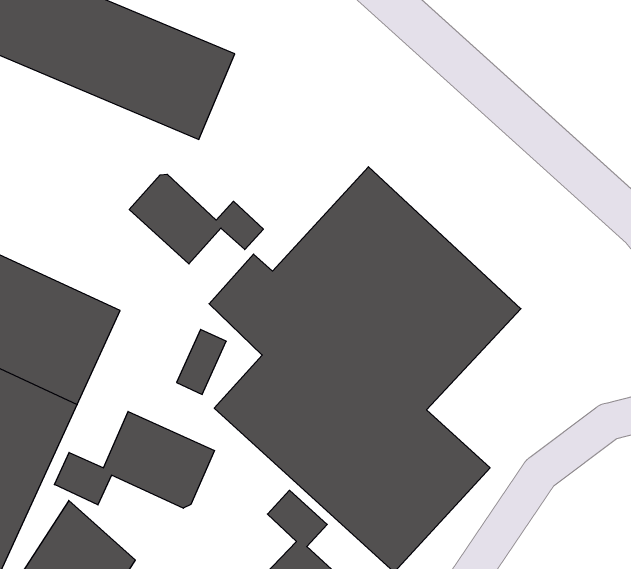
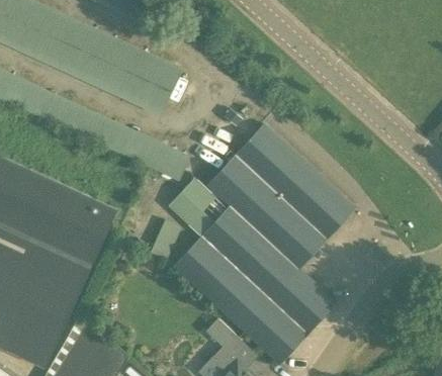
building: [129,174,263,264] -> none
building: [54,411,215,508] -> none

